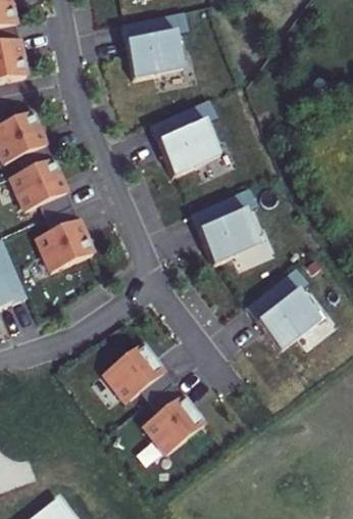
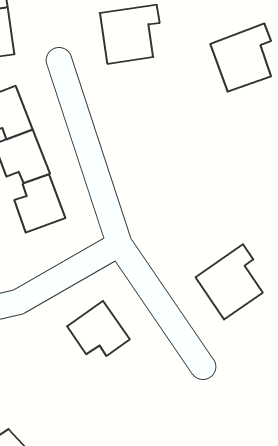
building: [150,101,218,178] -> [210,24,271,92]
building: [188,190,256,267] -> none
building: [144,382,204,452] -> none

